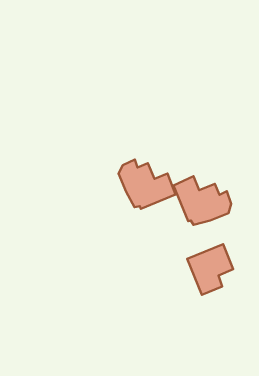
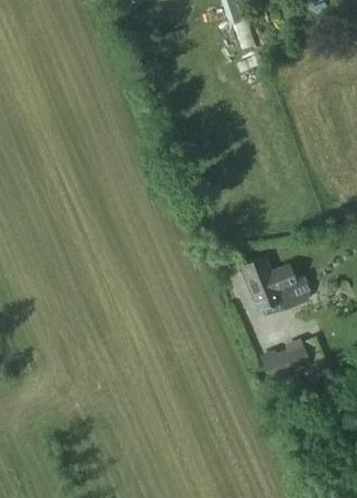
building: [119,160,175,209] -> none

